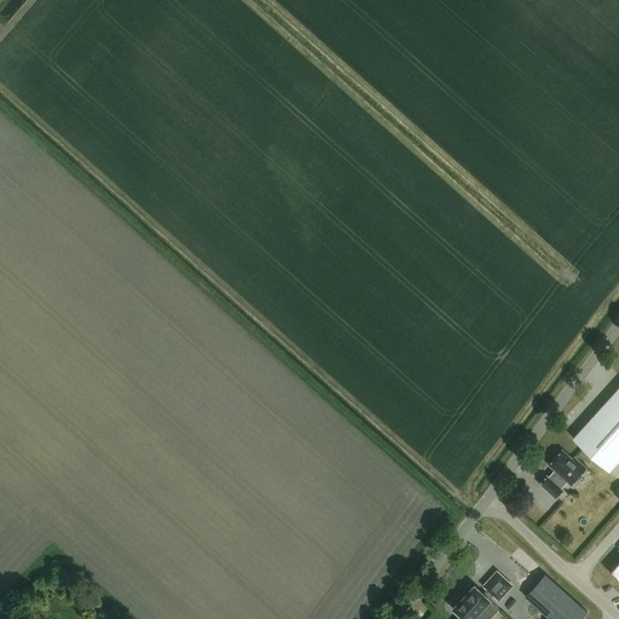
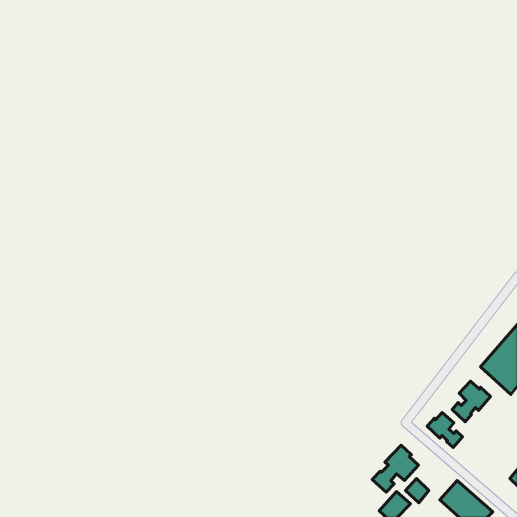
building: none -> [427,413,463,448]
building: none -> [372,445,419,492]

